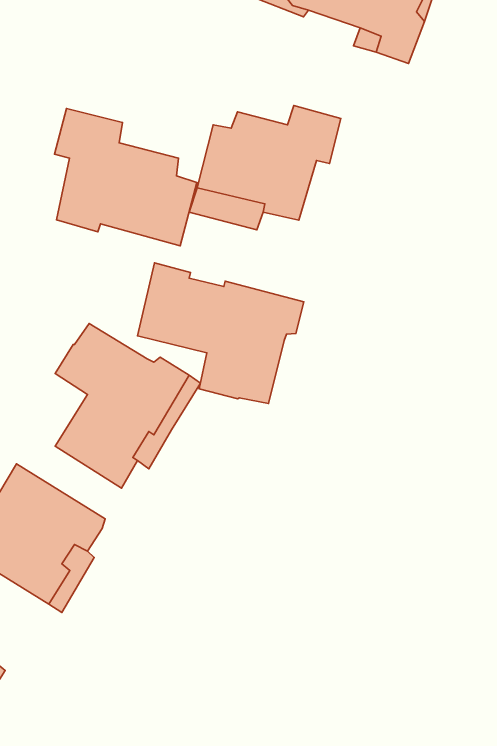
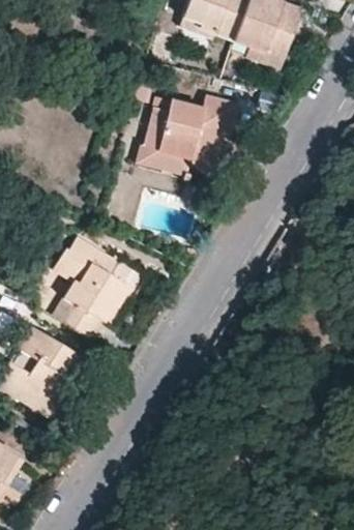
building: [54,109,197,246] -> none
building: [138,263,304,404] -> none

